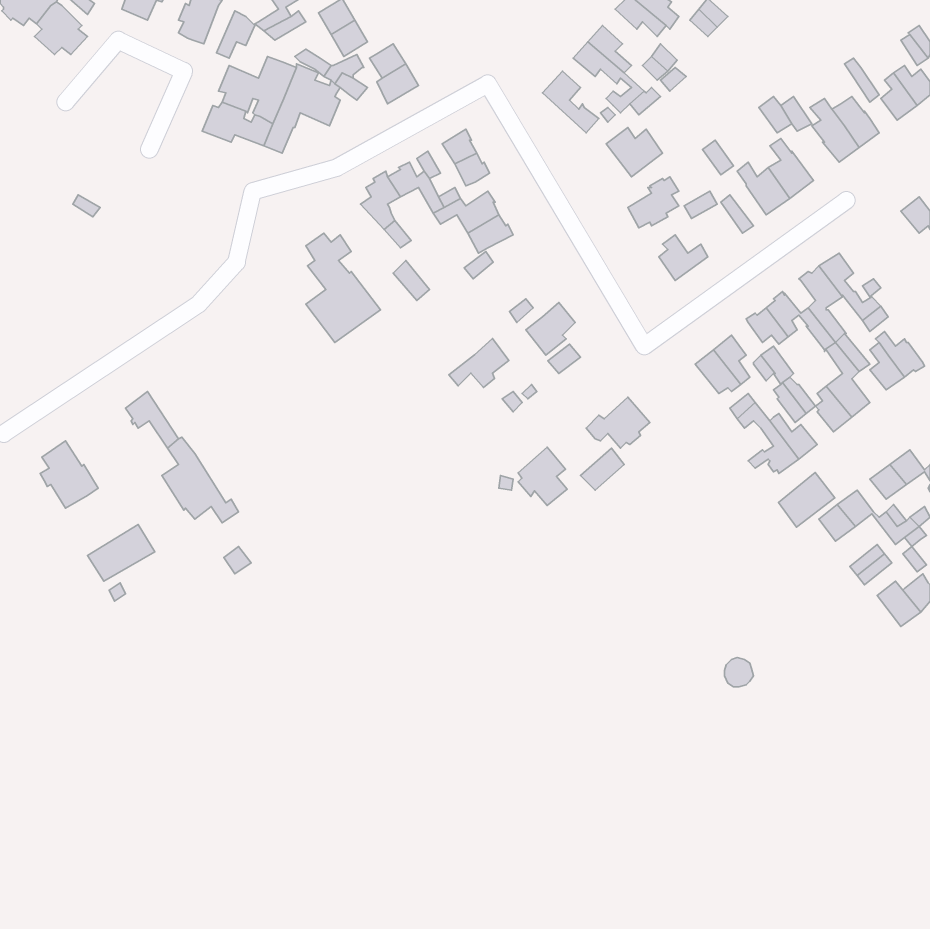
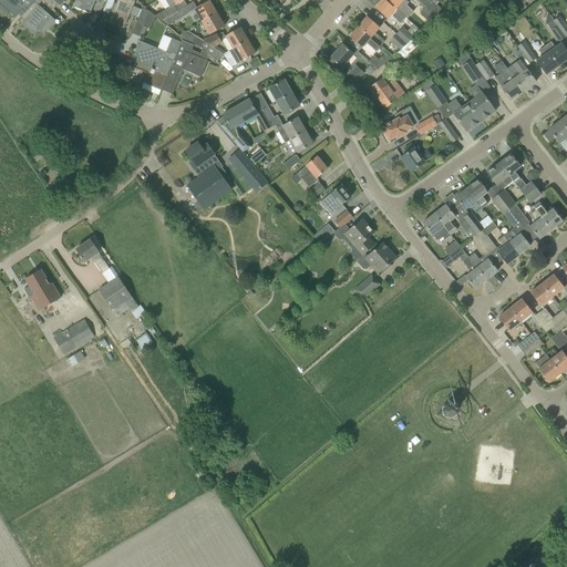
building: [449,338,509,388] -> [290,155,327,185]
building: [518,447,567,505] -> [344,218,374,254]
building: [778,472,835,527] -> none

